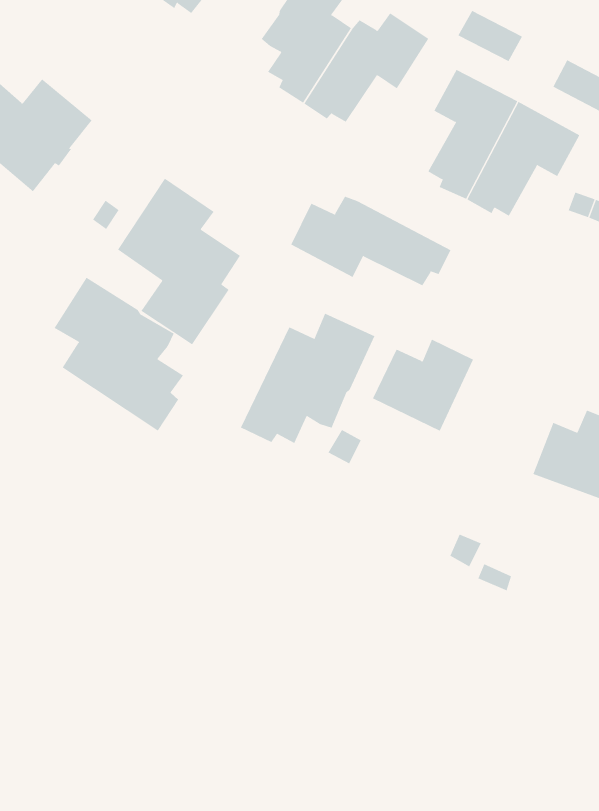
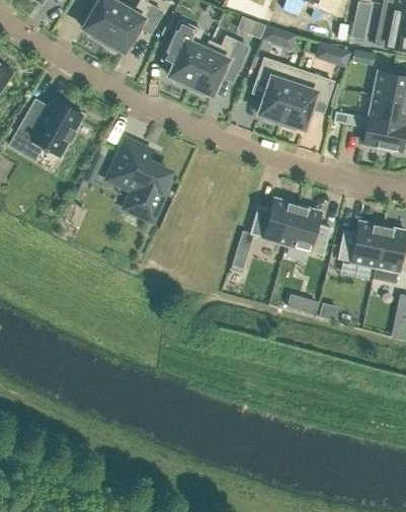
building: [290,196,451,286] -> none
building: [54,277,184,431] -> none
building: [240,313,375,444] -> none
building: none -> [287,205,331,254]

